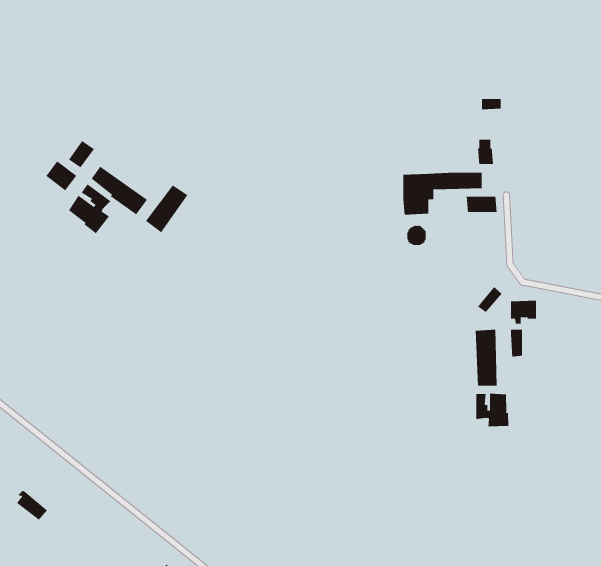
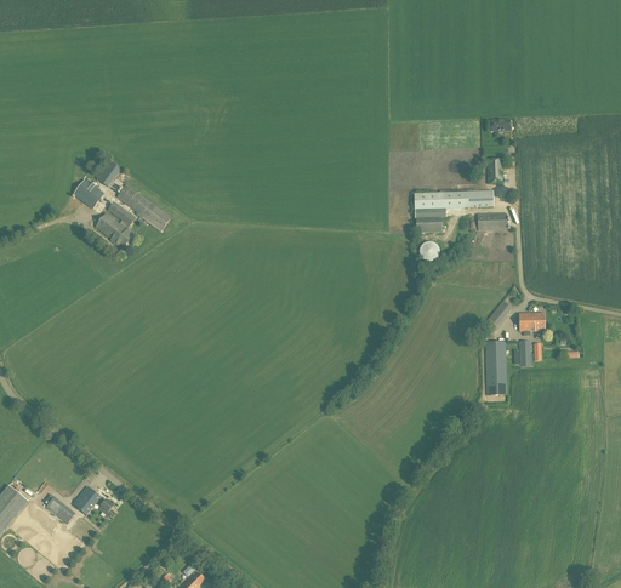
building: [145,184,188,233] -> none
building: [476,393,509,427] -> none
building: none -> [72,485,113,516]

